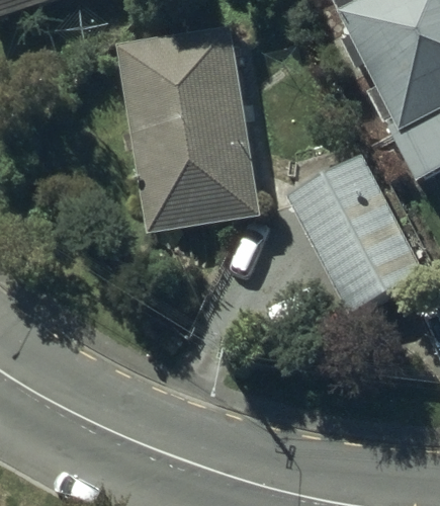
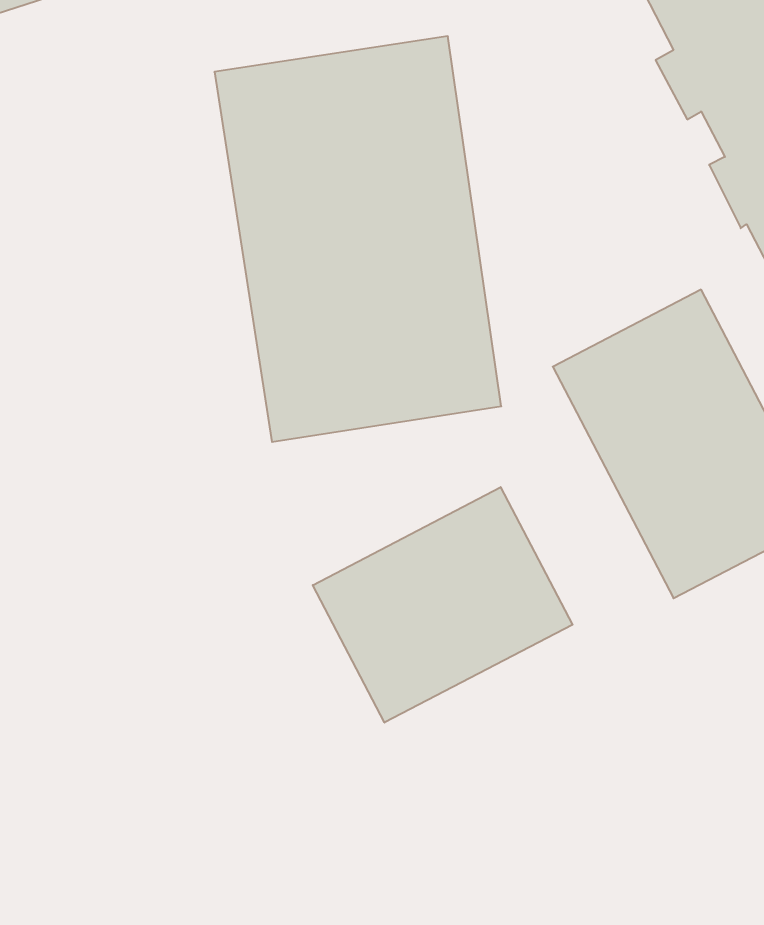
building: none -> [313,487,573,723]

